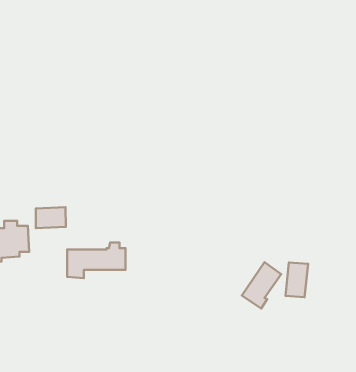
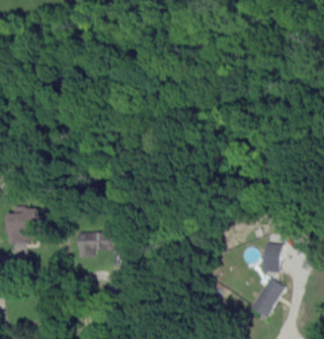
building: [36,207,66,228] -> none
building: [242,262,281,309] -> [250,277,284,317]

